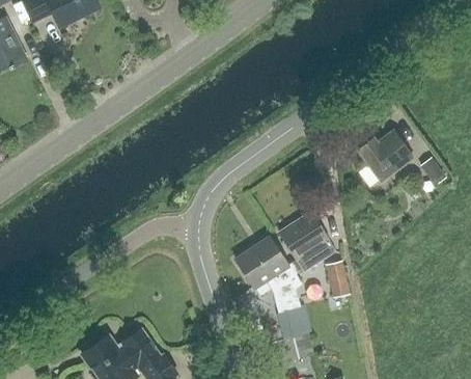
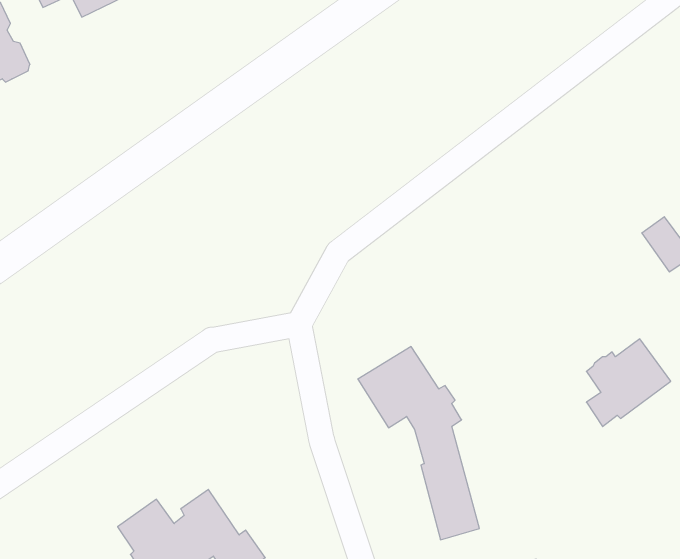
building: [358,131,412,187] -> [586,339,671,427]
building: [278,212,327,272] -> none
building: [324,261,349,298] -> none

